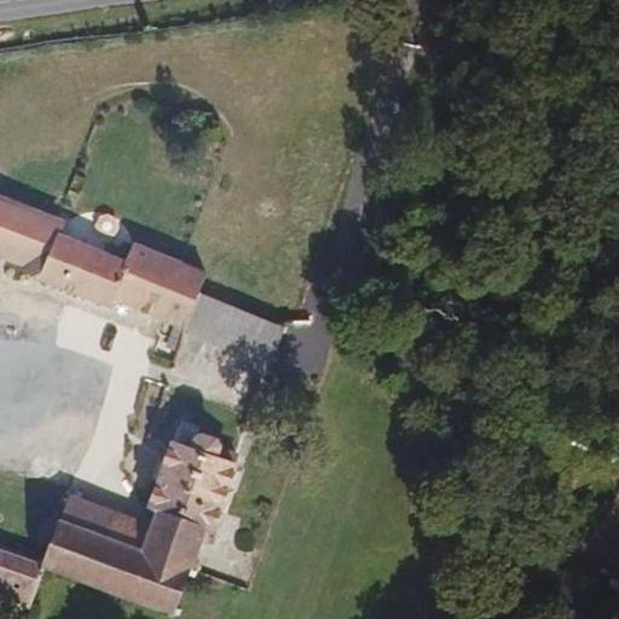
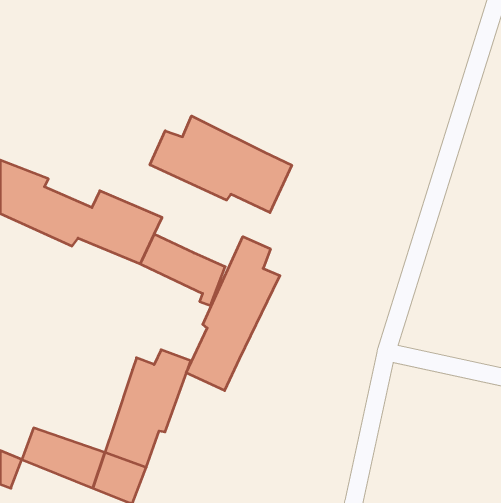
building: none -> [150,116,292,213]
building: none -> [186,237,280,391]
building: [46,491,144,554] -> none

